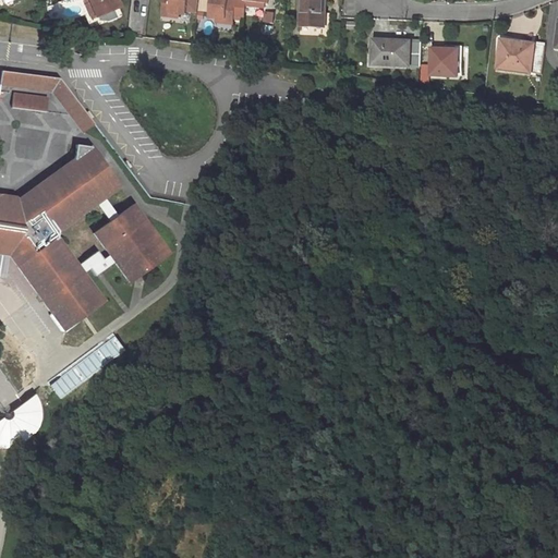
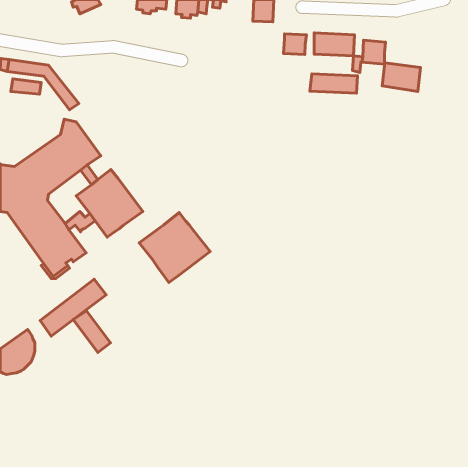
building: none -> [284,34,306,54]
building: [499,40,545,74] -> [382,63,421,91]
building: none -> [310,74,357,93]
building: none -> [139,212,210,283]
building: none -> [73,311,111,352]

